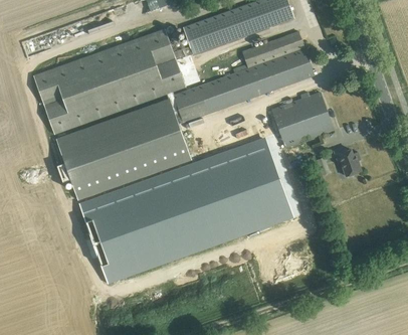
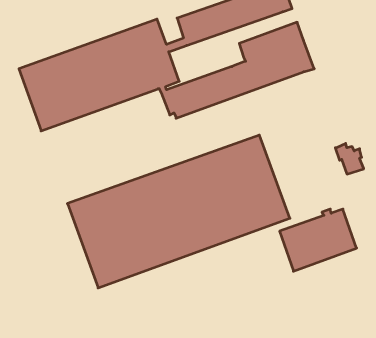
building: [260,93,334,152] -> [280,209,357,271]
building: [56,99,191,200] -> none

